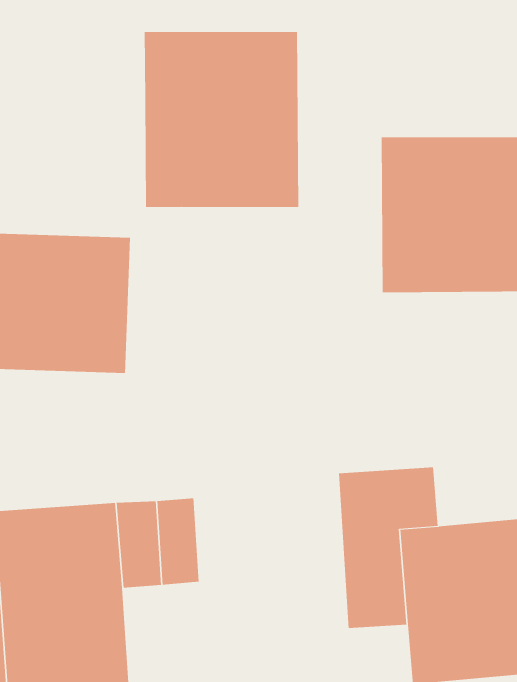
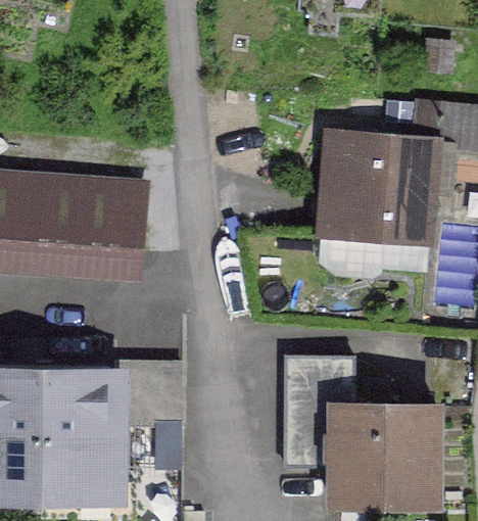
building: [144,31,299,208] -> none

